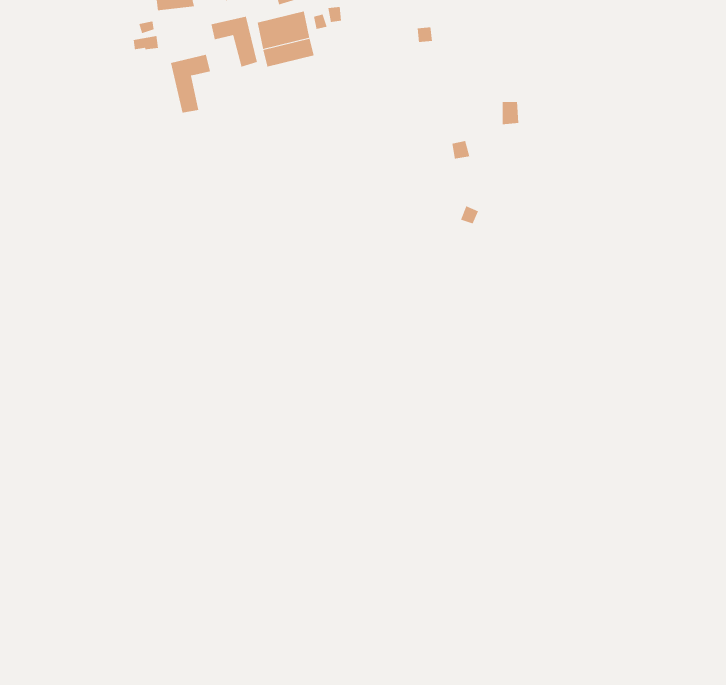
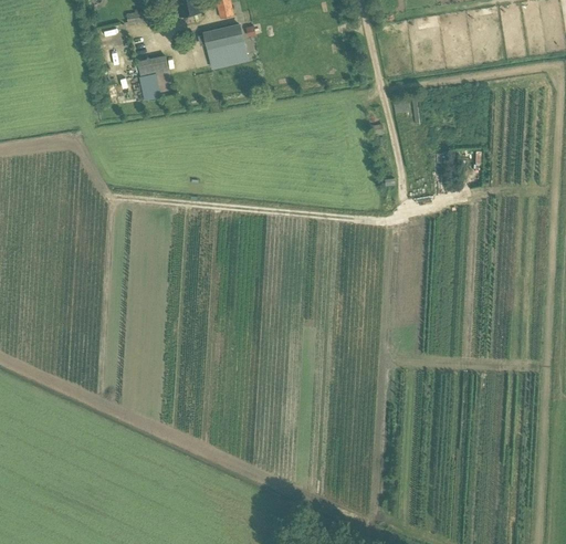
building: [211,16,257,68] -> none

